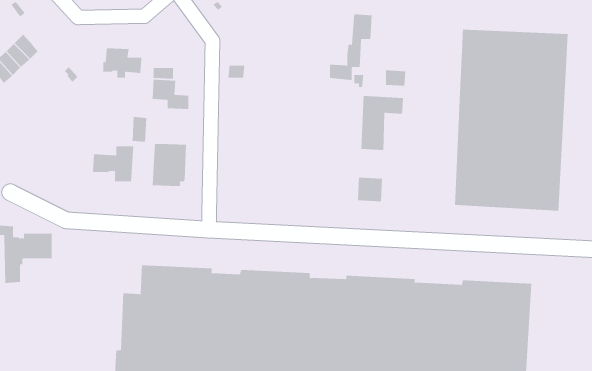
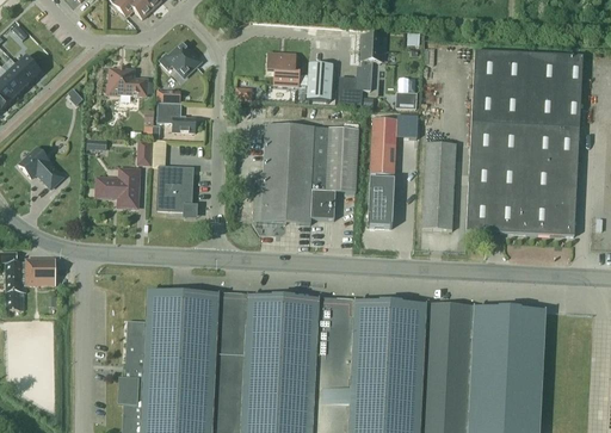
building: none -> [159,42,198,76]
building: none -> [267,52,333,100]
building: none -> [253,124,359,225]
building: none -> [422,142,457,229]
building: none -> [19,147,63,188]
building: none -> [369,178,394,203]

